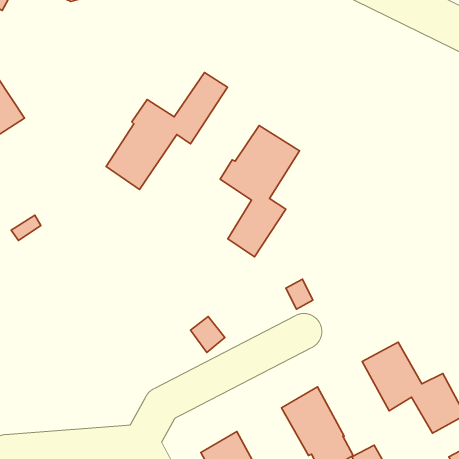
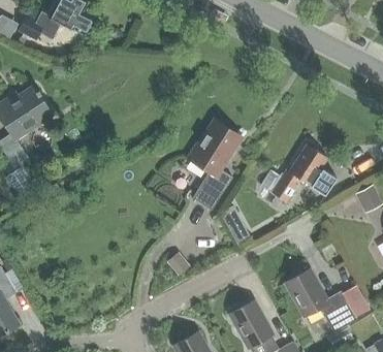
building: [106,72,228,189] -> none
building: none -> [261,142,337,201]

